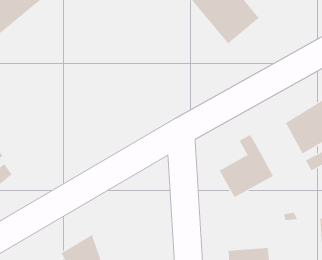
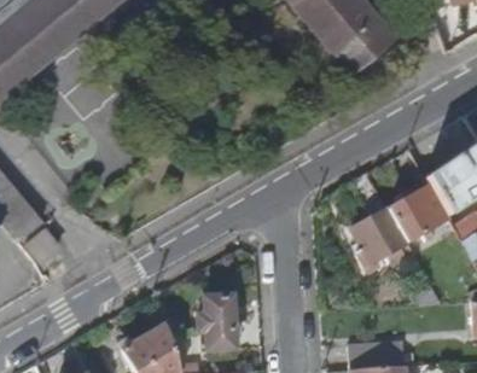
building: none -> [385,181,449,246]
building: none -> [197,297,237,348]

